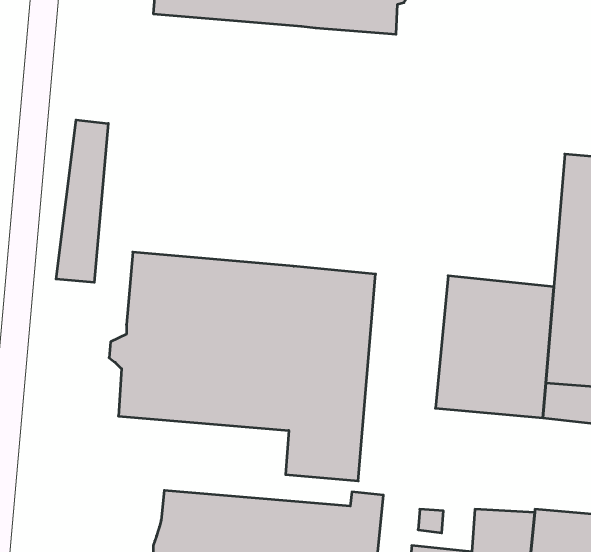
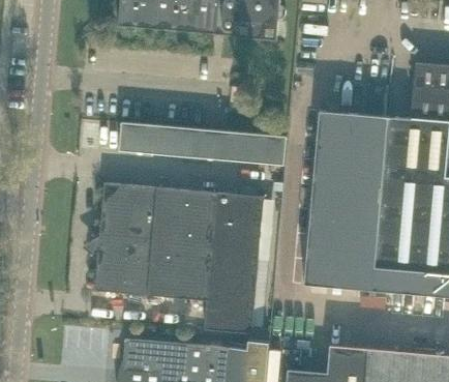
building: [56,120,108,282] -> none
building: none -> [311,110,388,204]
building: none -> [125,113,294,174]

